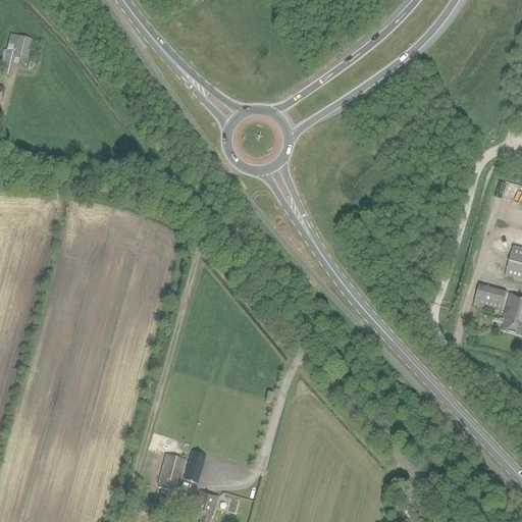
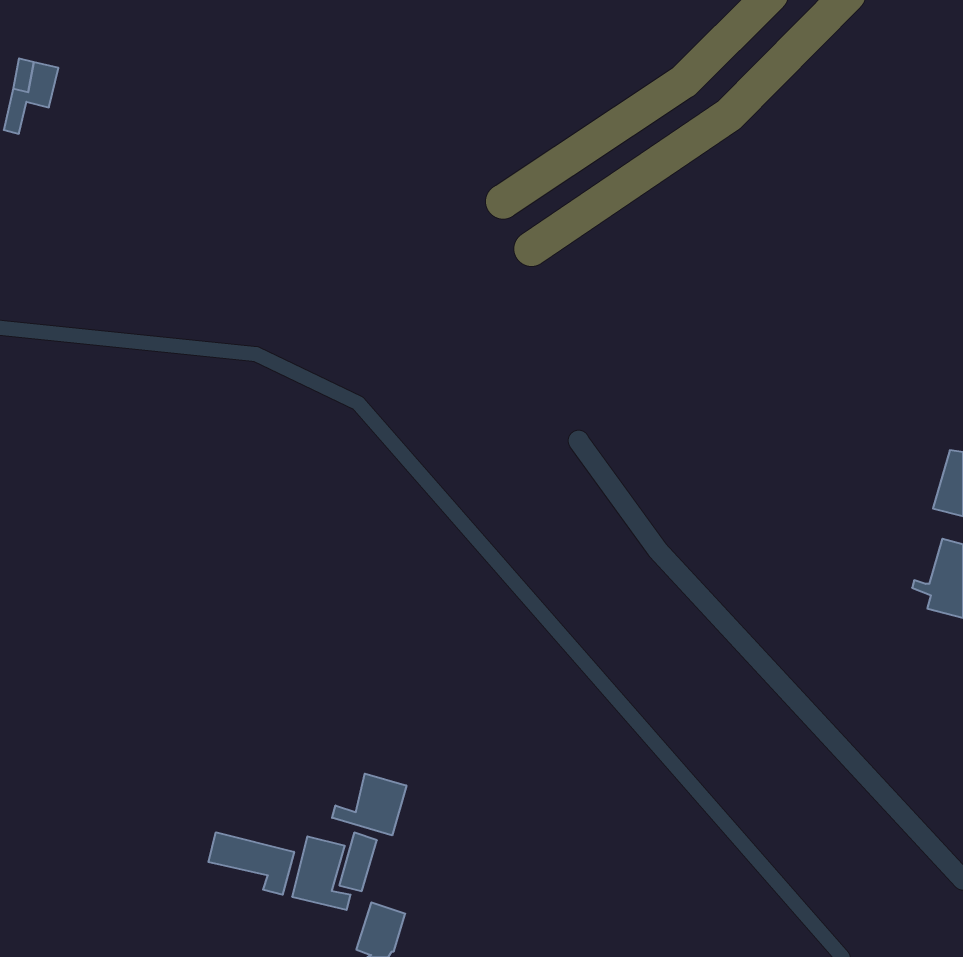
building: [474,282,507,310] -> none
building: none -> [332,774,406,835]
building: none -> [208,832,294,895]

